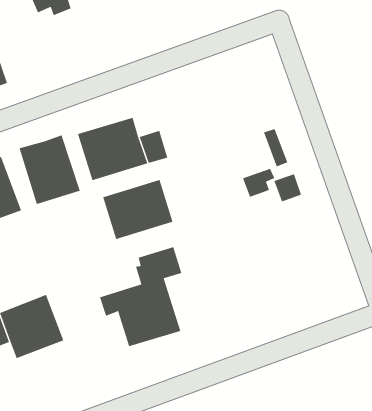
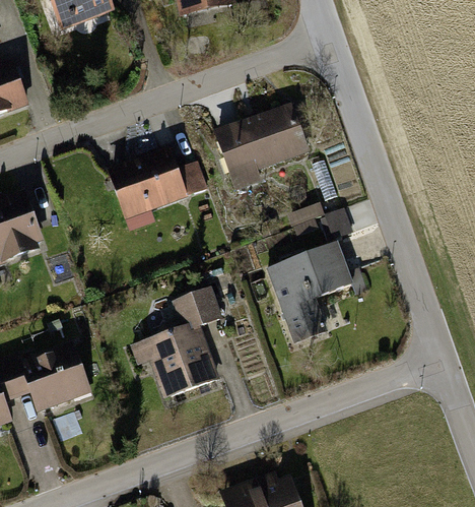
building: none -> [214,102,308,191]
building: [19,135,80,205] -> none
building: [103,179,173,240] -> none
building: none -> [264,242,354,341]

